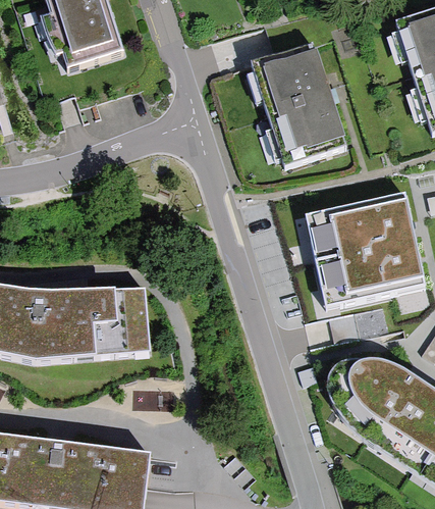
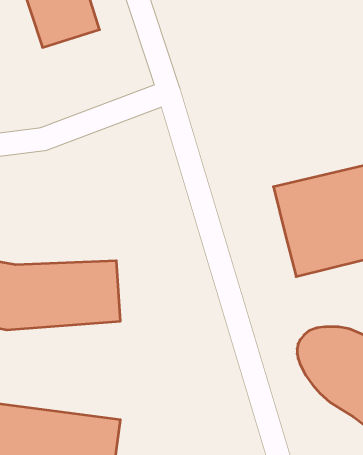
building: [254,38,351,162] -> none

